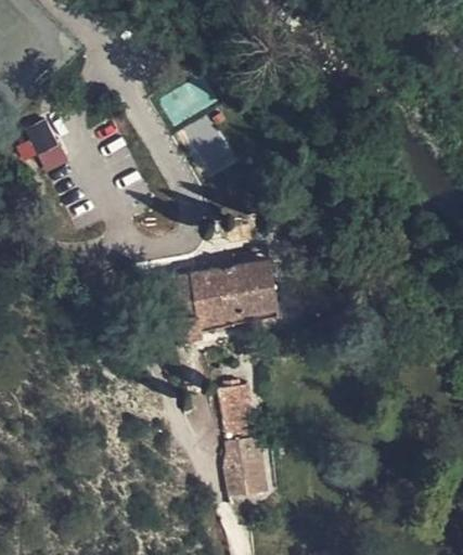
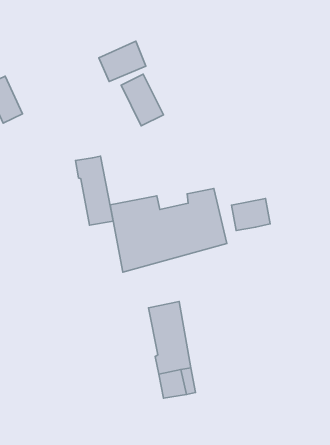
building: none -> [75,156,113,225]
building: none -> [231,199,270,231]

